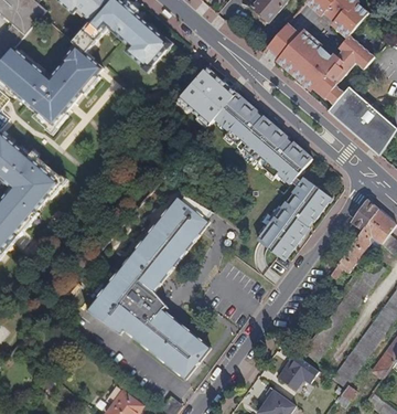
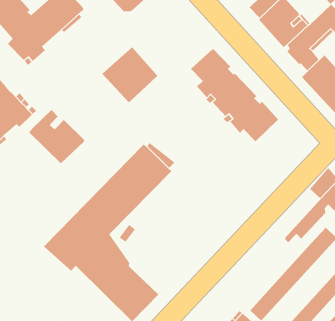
building: [178,66,235,124] -> [102,47,158,103]
building: none -> [28,109,85,164]
building: [256,176,331,259] -> none

